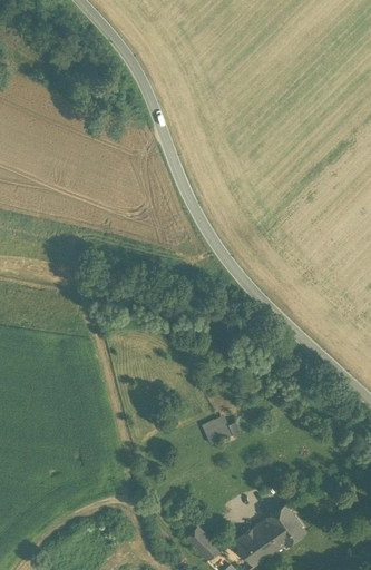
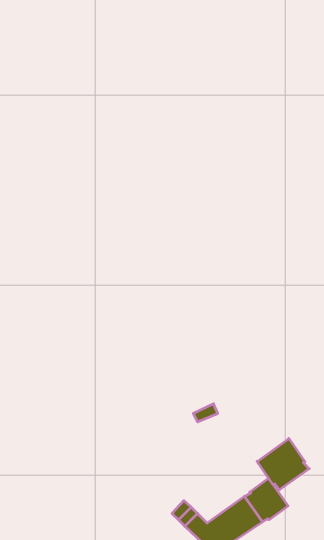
building: none -> [257,438,309,490]

